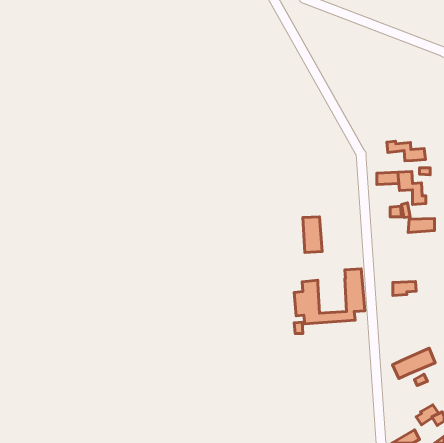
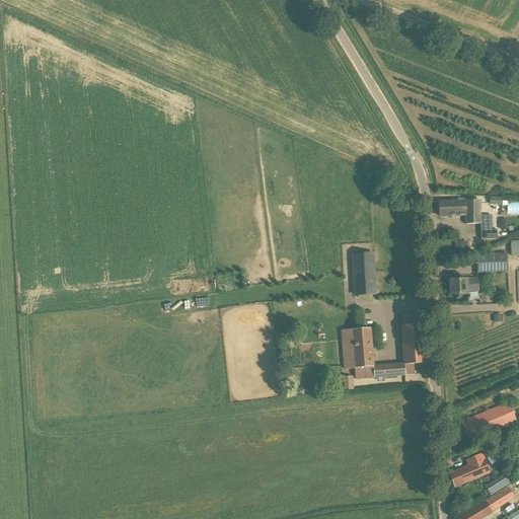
building: [387,141,425,161] -> none
building: [393,282,416,295] -> [450,278,477,294]
building: none -> [449,453,489,486]

